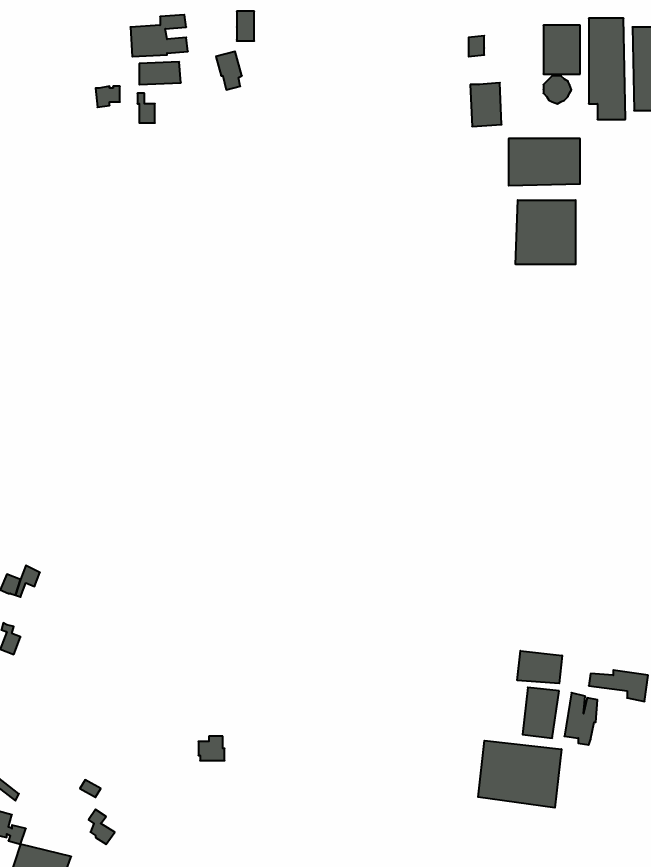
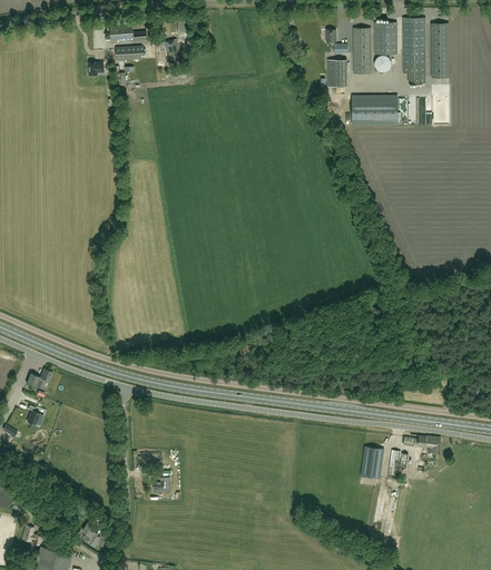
building: none -> [352,29,370,75]
building: [516,200,576,264] -> none
building: [517,651,562,683] -> none
building: [478,741,561,808] -> none

